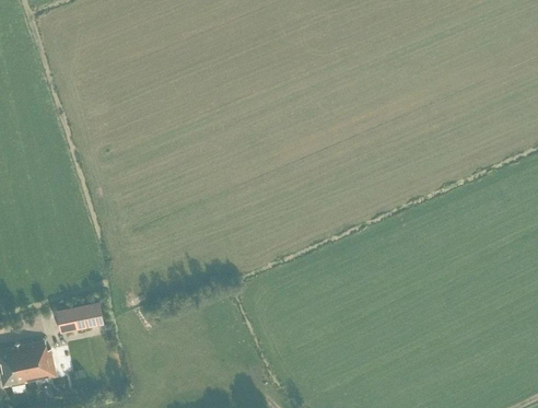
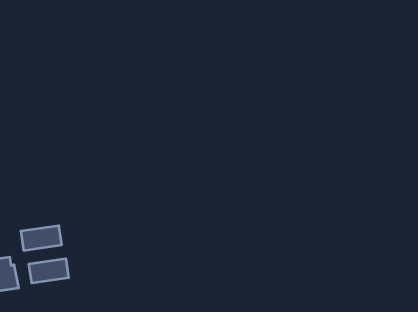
building: none -> [29,259,69,283]

